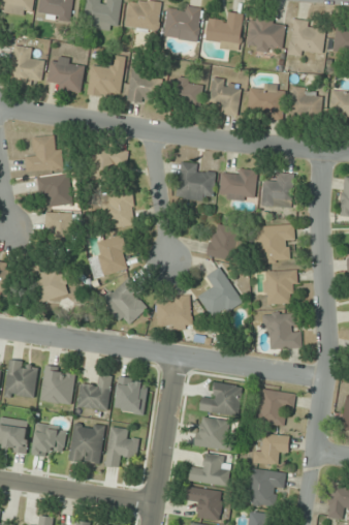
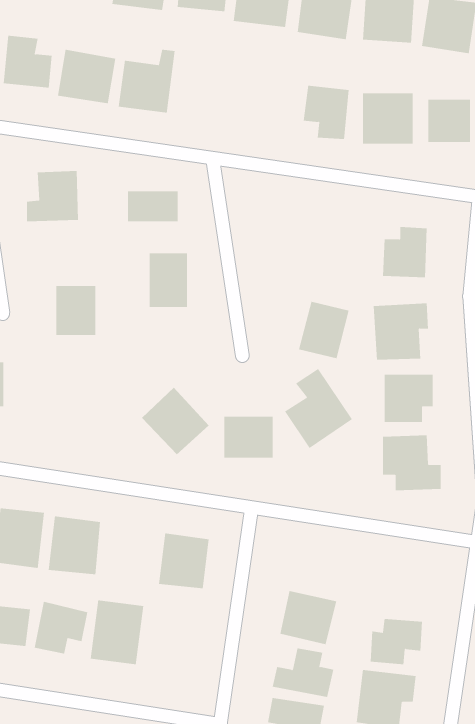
building: [125,68,162,106] -> none
building: [172,76,205,107] -> none
building: [178,161,215,199] -> none
building: [219,167,257,199] -> none
building: [37,174,71,206] -> none
building: [89,235,130,277] -> none
building: [30,265,67,300] -> none
building: [77,374,112,409] -> none
building: [200,382,243,415] -> none
building: [255,388,295,425] -> none
building: [105,426,138,467] -> none

